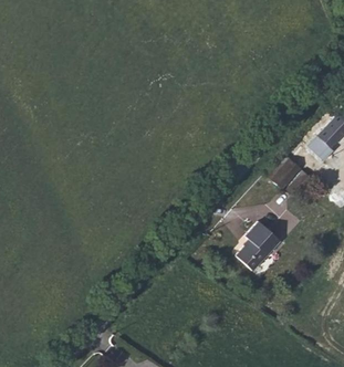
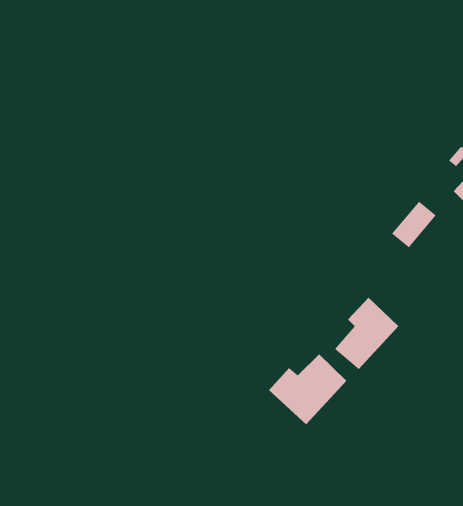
building: none -> [268,353,347,425]

